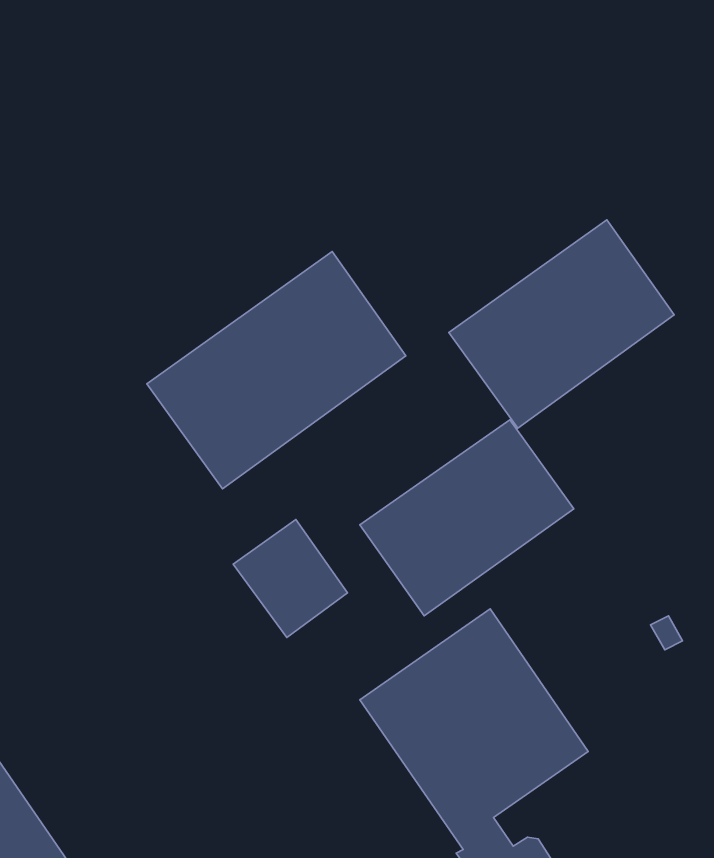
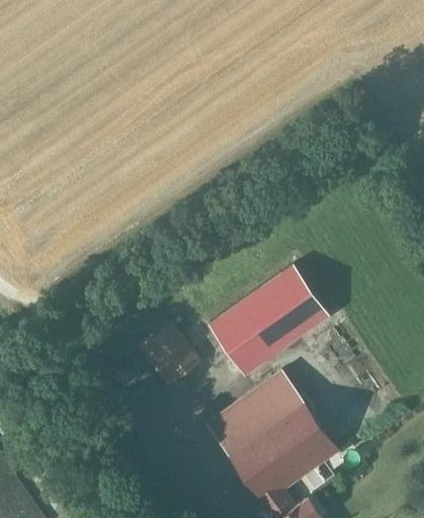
building: [449,220,674,428] -> none
building: [147,252,406,489] -> none

